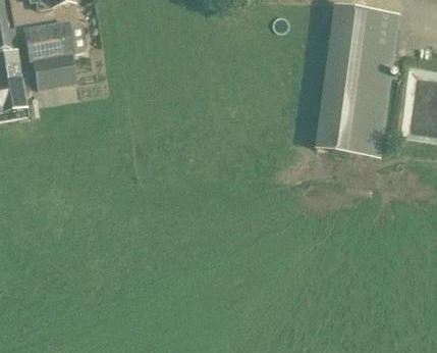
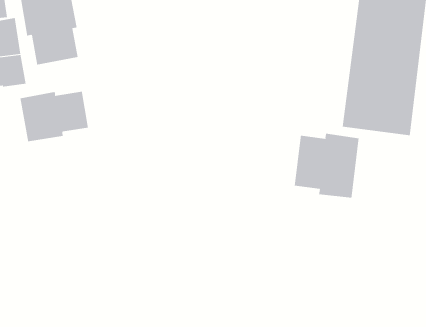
building: none -> [20,91,89,142]
building: none -> [294,133,359,198]

